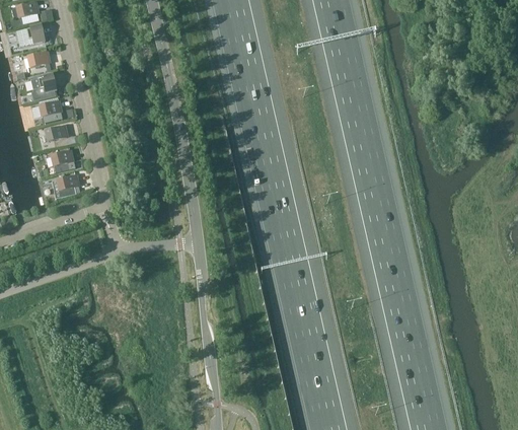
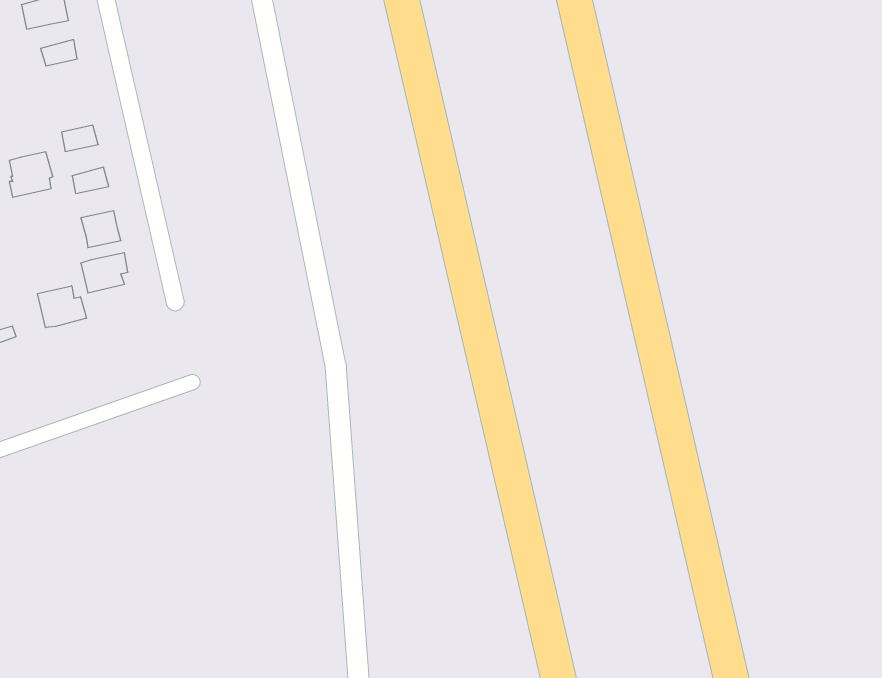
building: [31,74,57,100] -> [9,152,53,197]
building: none -> [38,286,86,328]

